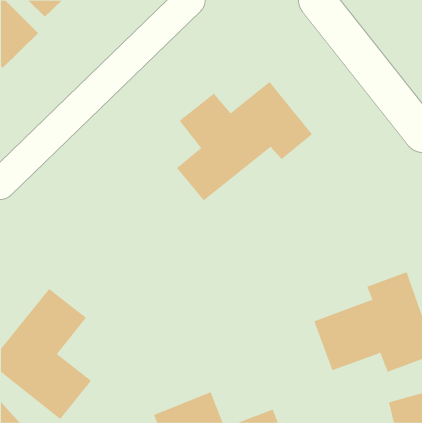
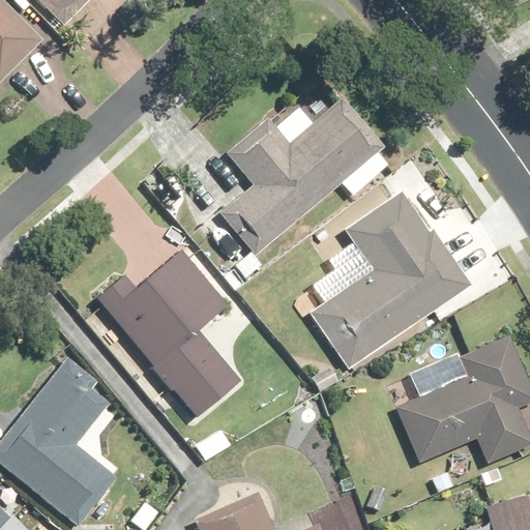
building: none -> [305,186,469,367]
building: none -> [92,248,242,418]

